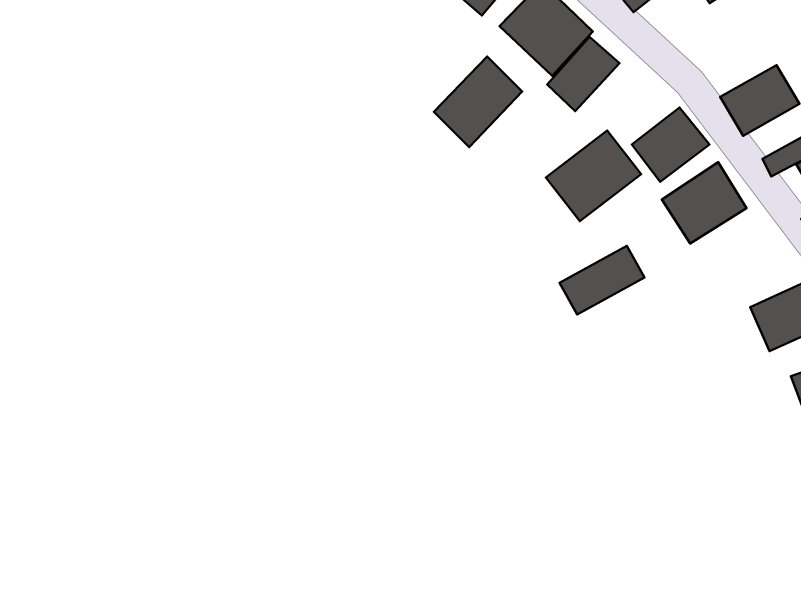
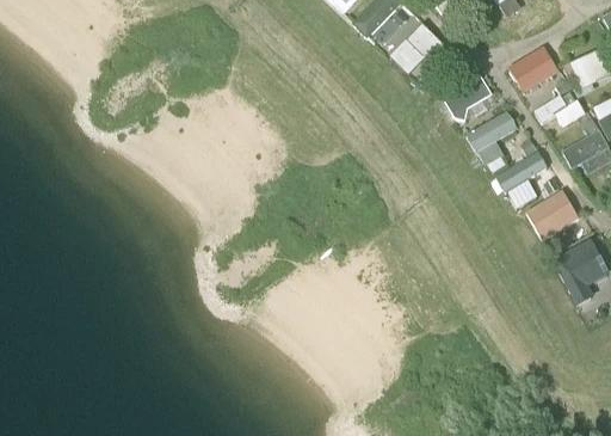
building: [434,56,522,147] -> none
building: [546,131,641,221] -> none
building: [560,246,644,315] -> [496,147,554,194]

